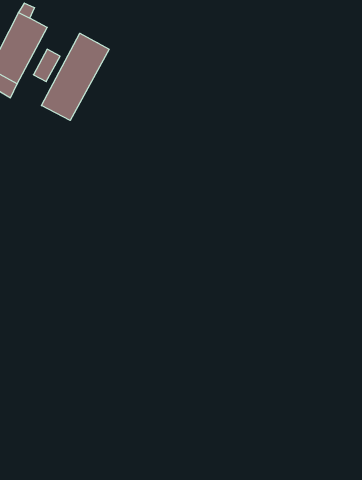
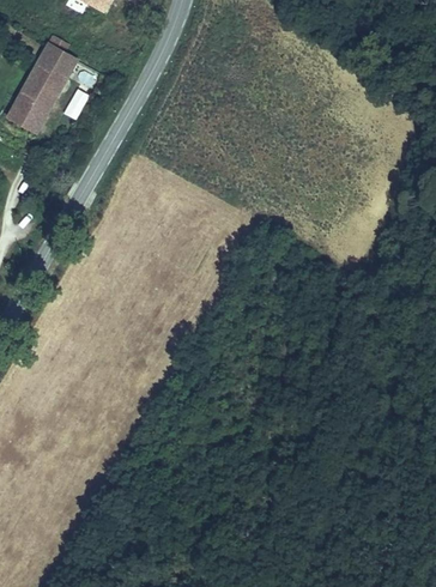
building: [41,33,109,120] -> none

